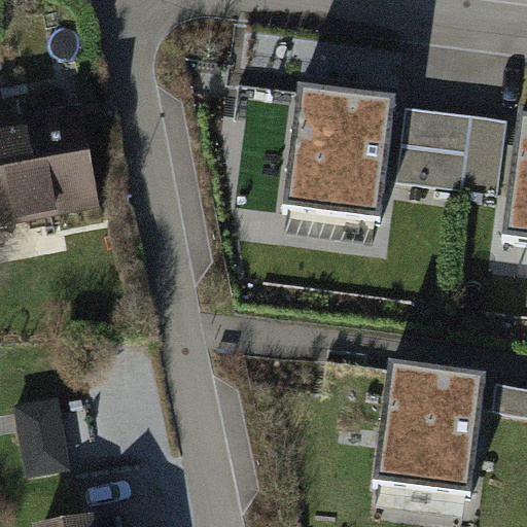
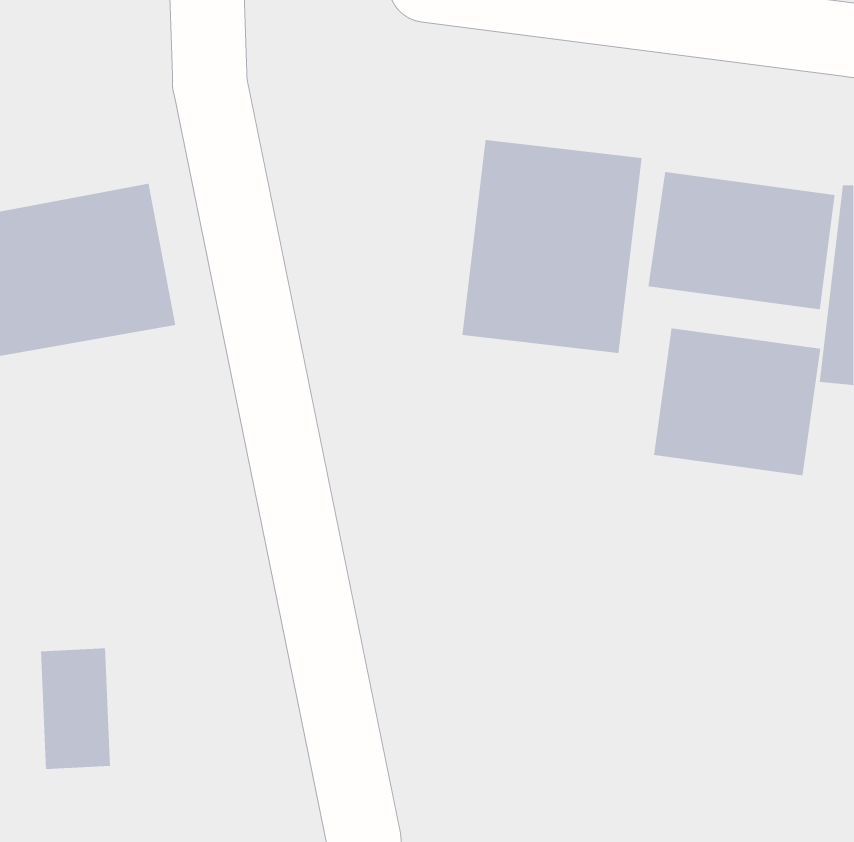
building: none -> [653,328,821,476]
building: [373,363,485,497] -> none

